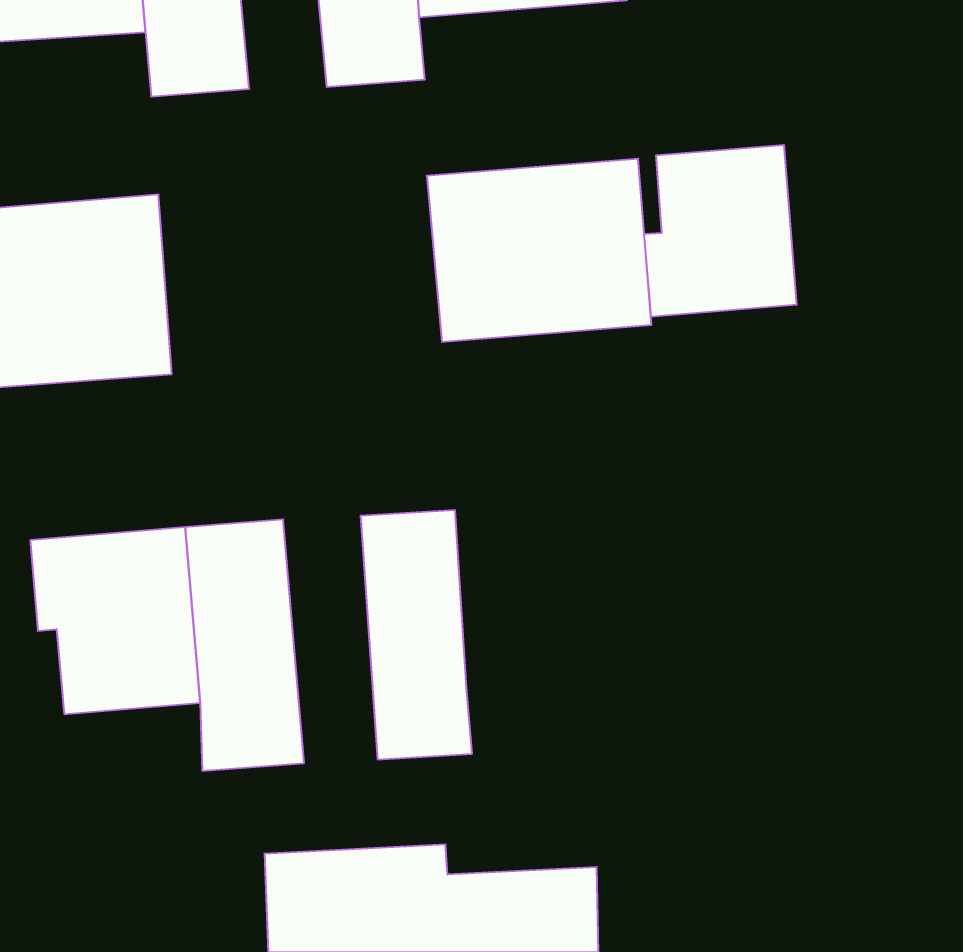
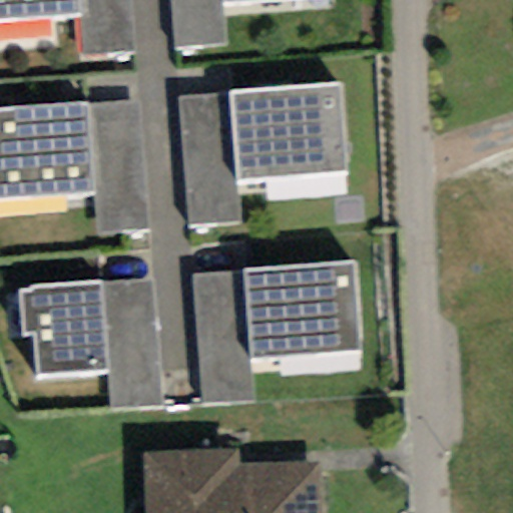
building: [644,145,796,317] -> none
building: none -> [178,93,237,223]
building: none -> [84,99,146,231]
building: none -> [241,264,359,365]

